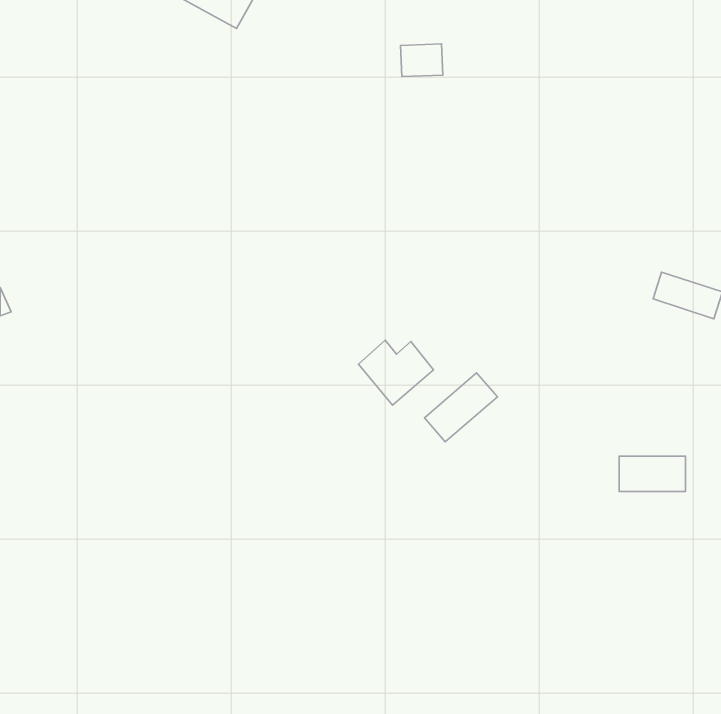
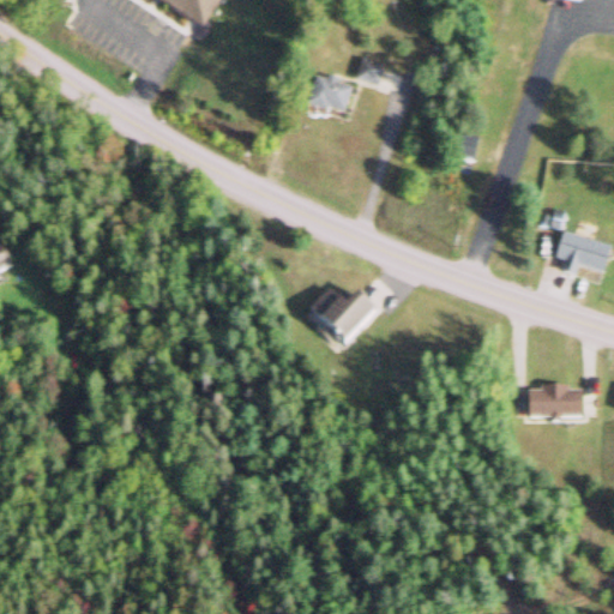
building: [400,44,443,77] -> [312,76,348,103]
building: [425,373,497,442] -> none

